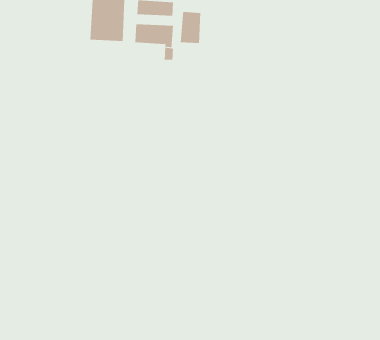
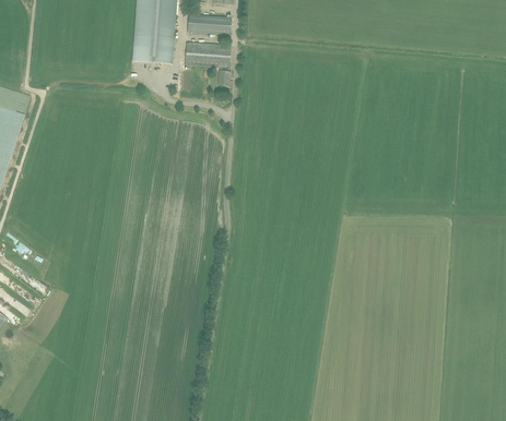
building: [180,11,201,44] -> none

